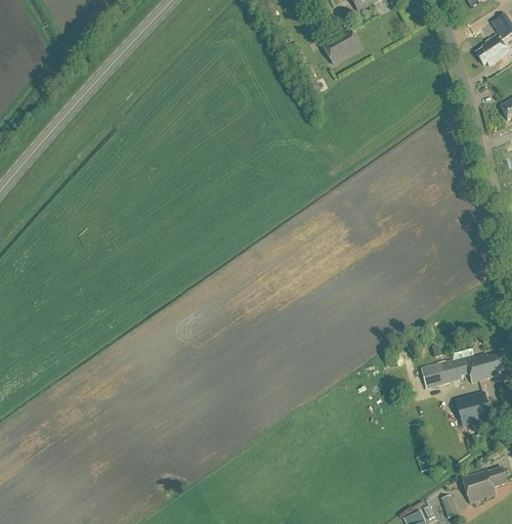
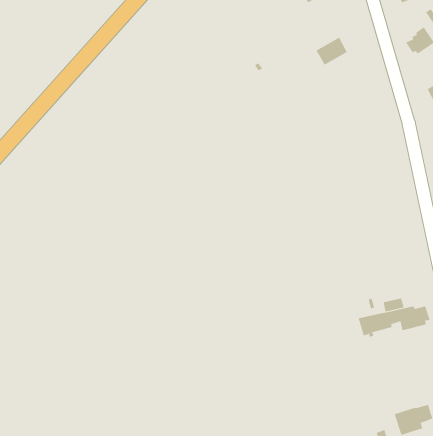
building: [324,32,360,64] -> [315,37,348,66]
building: [455,391,492,427] -> none

